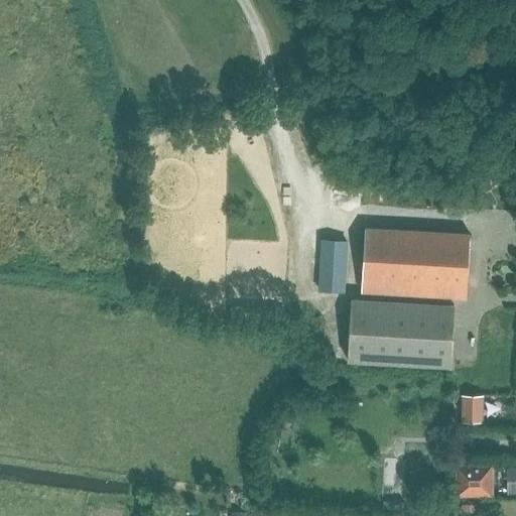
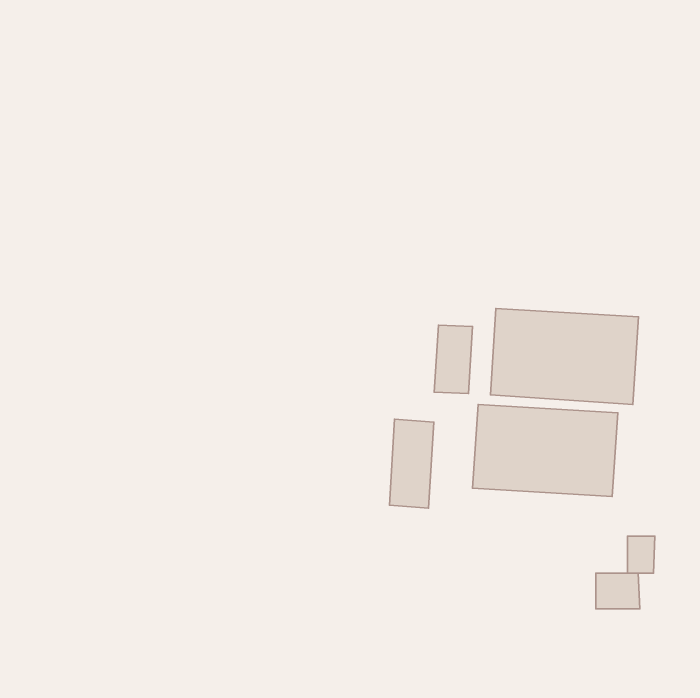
building: none -> [390,419,434,508]
building: [459,468,491,494] -> [596,573,640,609]

